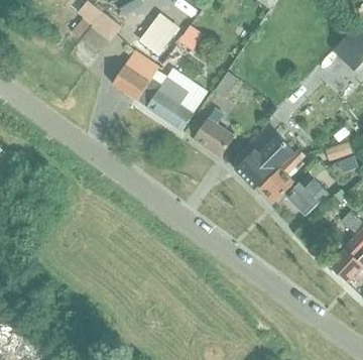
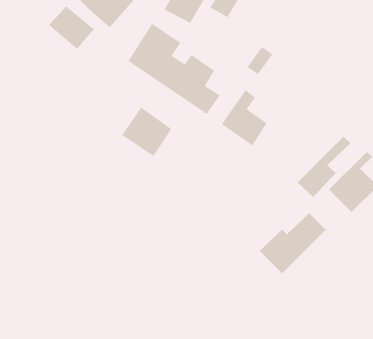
building: none -> [48,5,95,50]
building: none -> [121,107,172,157]
building: [235,135,293,189] -> [259,212,327,274]

